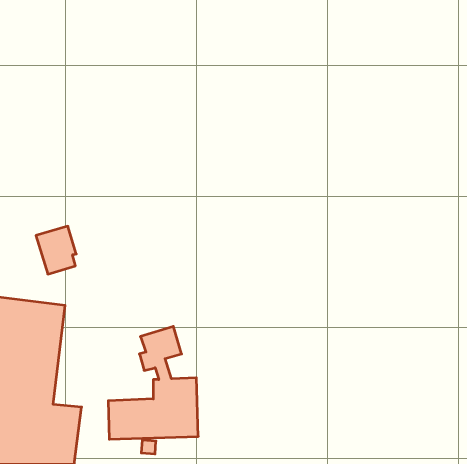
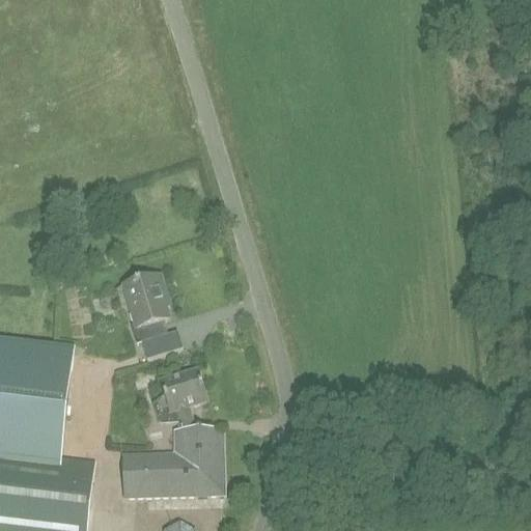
building: [36,226,76,274] -> [122,273,168,327]
building: none -> [140,330,181,358]

